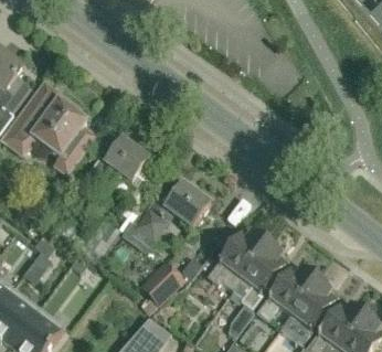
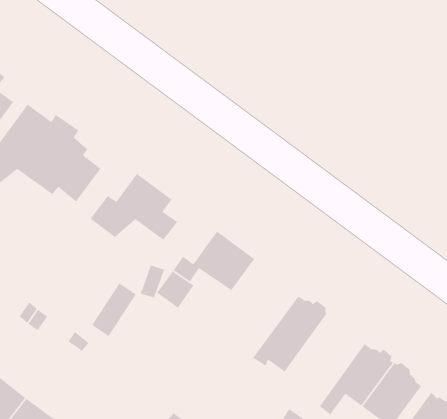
building: [232,245,285,309] -> none
building: [140,264,181,305] -> none

